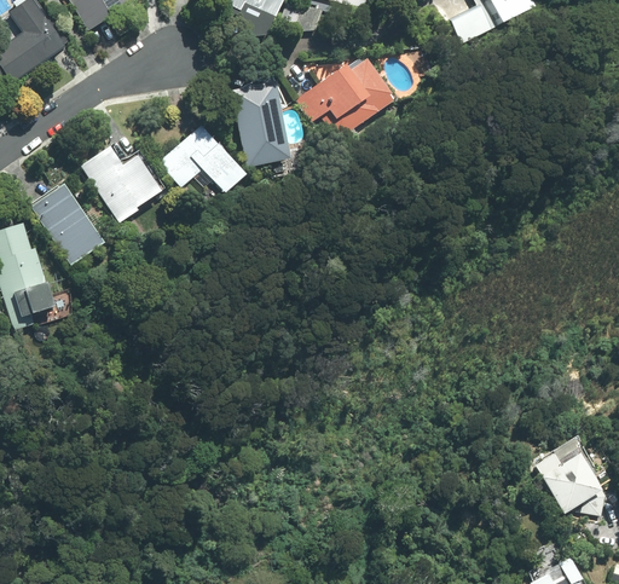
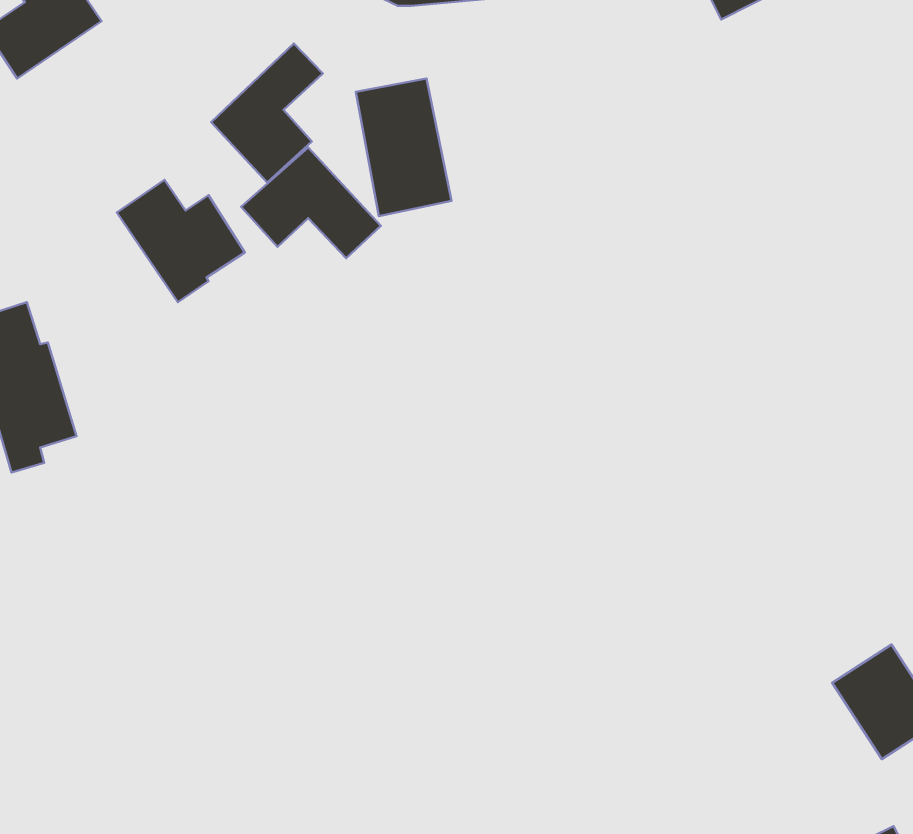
building: [295,57,395,138] -> none
building: none -> [211,43,323,182]
building: [30,183,105,265] -> none

